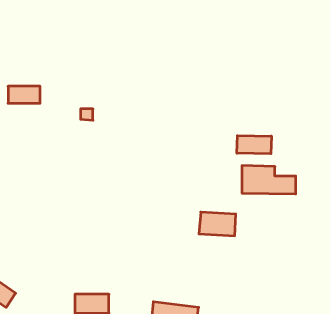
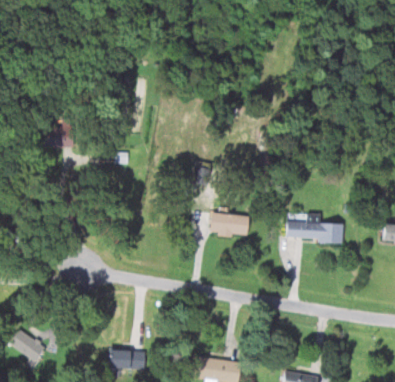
building: [237,136,271,154] -> none
building: [199,212,236,236] -> [209,212,248,237]

